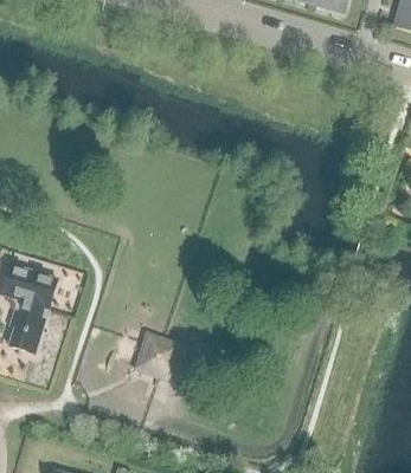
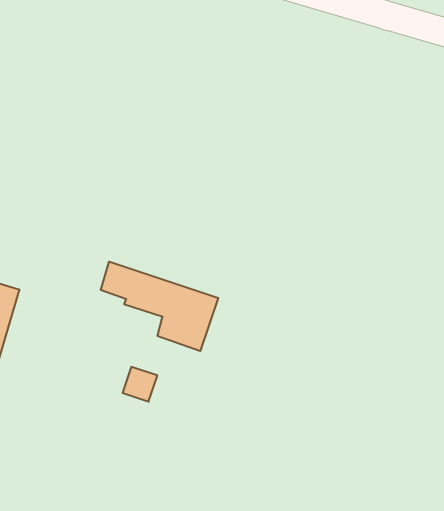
building: none -> [101,262,218,351]

